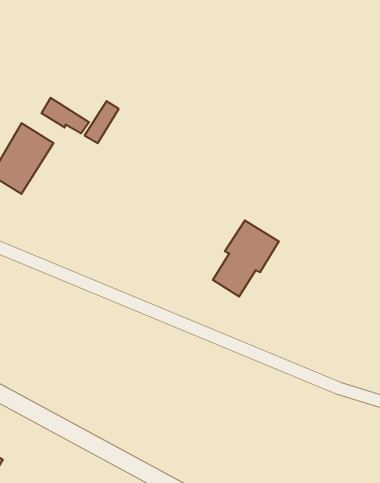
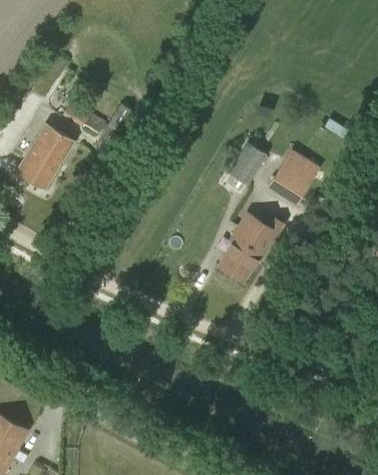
building: none -> [229,142,268,185]
building: none -> [268,160,320,205]

